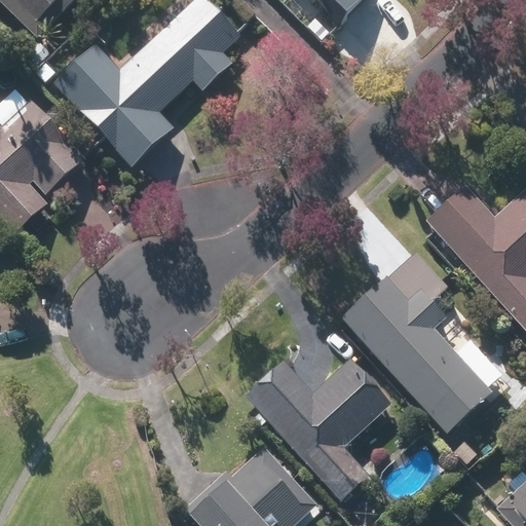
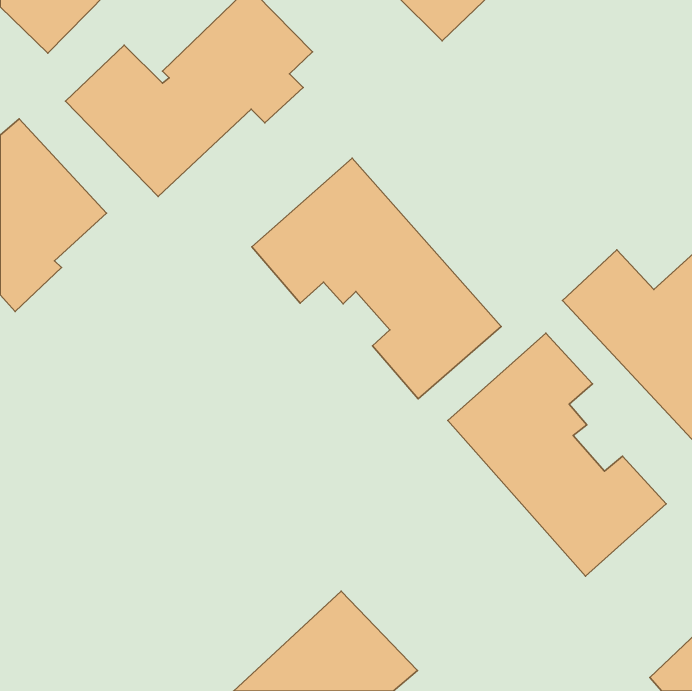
building: none -> [252,158,501,399]
building: [242,359,391,501] -> none

